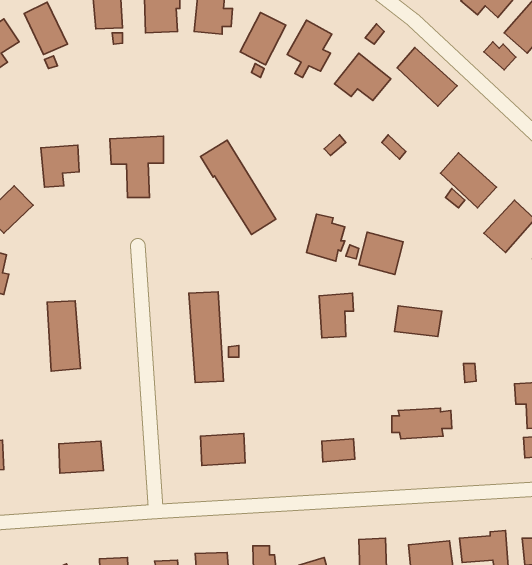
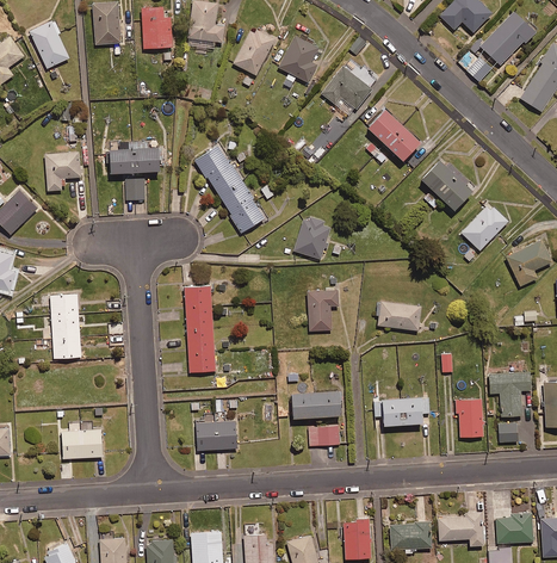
building: [397,48,457,106] -> [364,106,420,161]
building: [359,232,403,275] -> none
building: none -> [287,389,338,417]
building: none -> [456,398,483,438]

